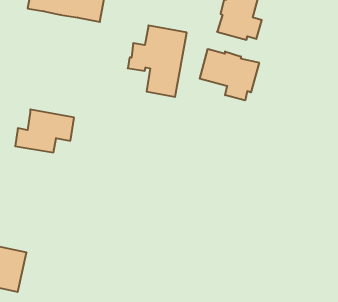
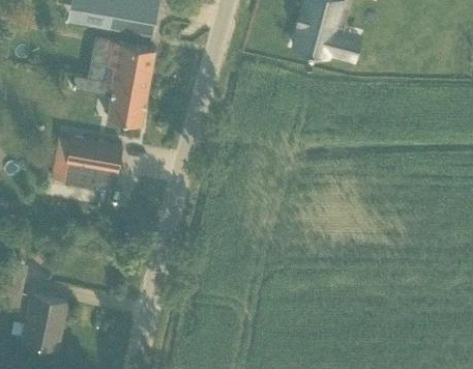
building: [128,25,187,97] -> [87,41,155,124]
building: [200,49,259,100] -> none

